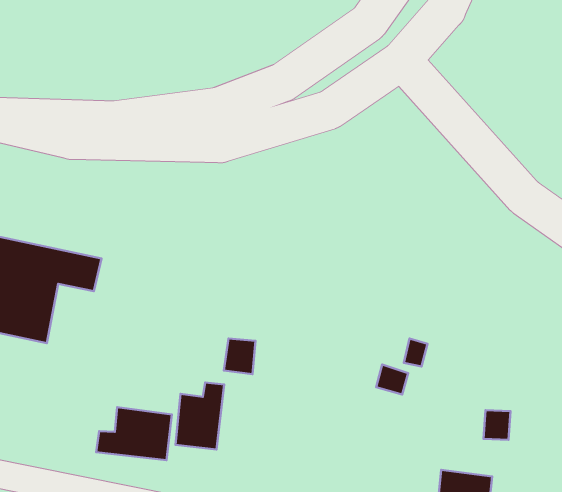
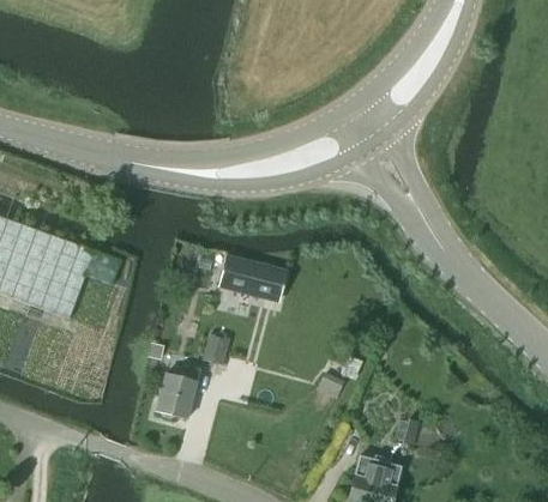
building: none -> [218,255,287,303]
building: [96,407,172,460] -> none

